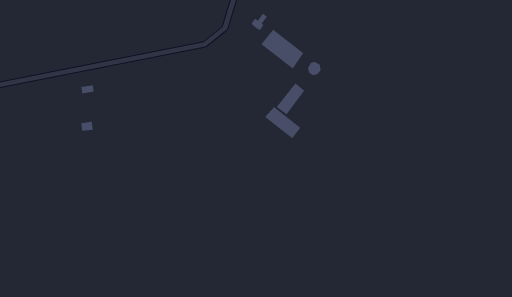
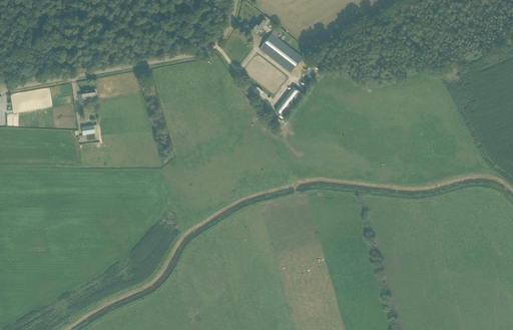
building: [264,106,301,139] -> none

